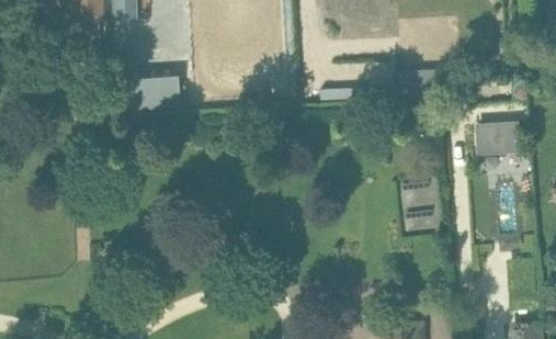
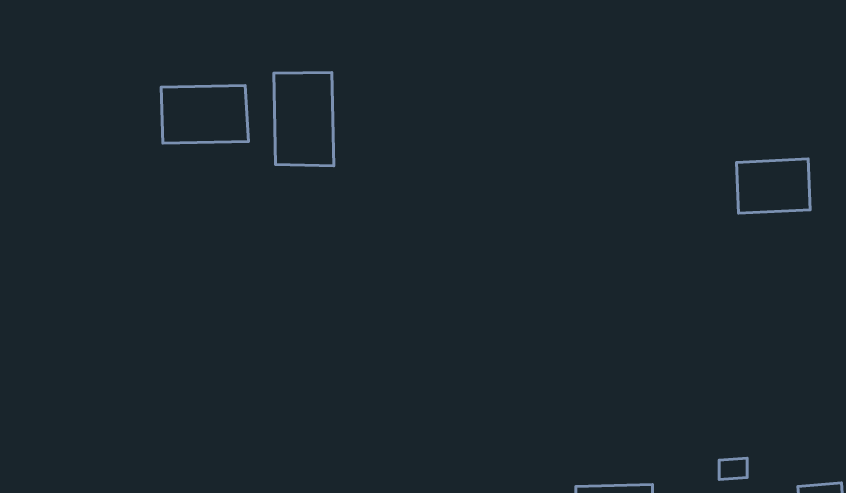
building: none -> [274,72,334,166]

